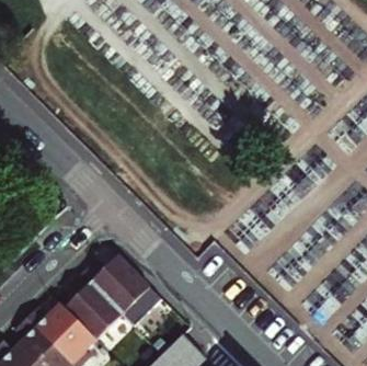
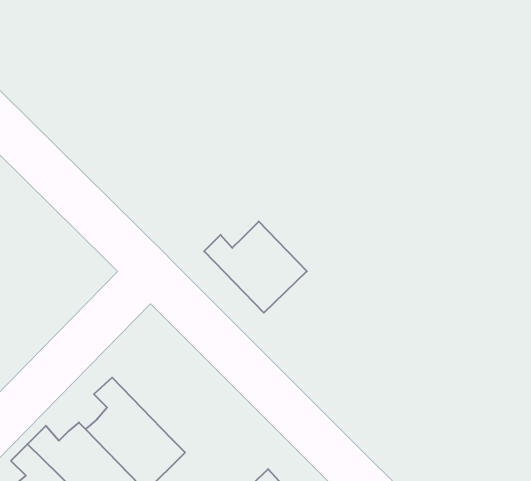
building: [79,254,147,314] -> [204,221,307,313]

